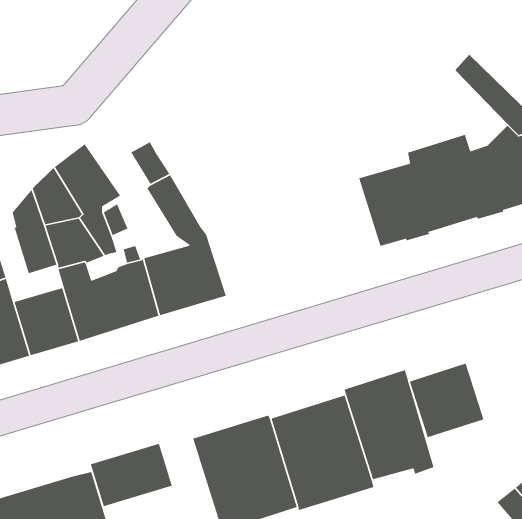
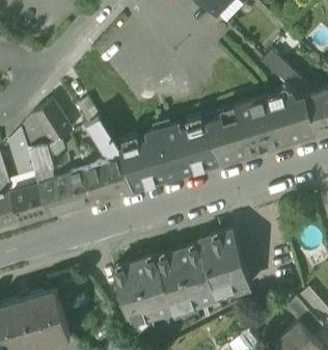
building: none -> [118,122,221,189]
building: [409,363,484,438] -> none
building: [90,443,173,507] -> none

